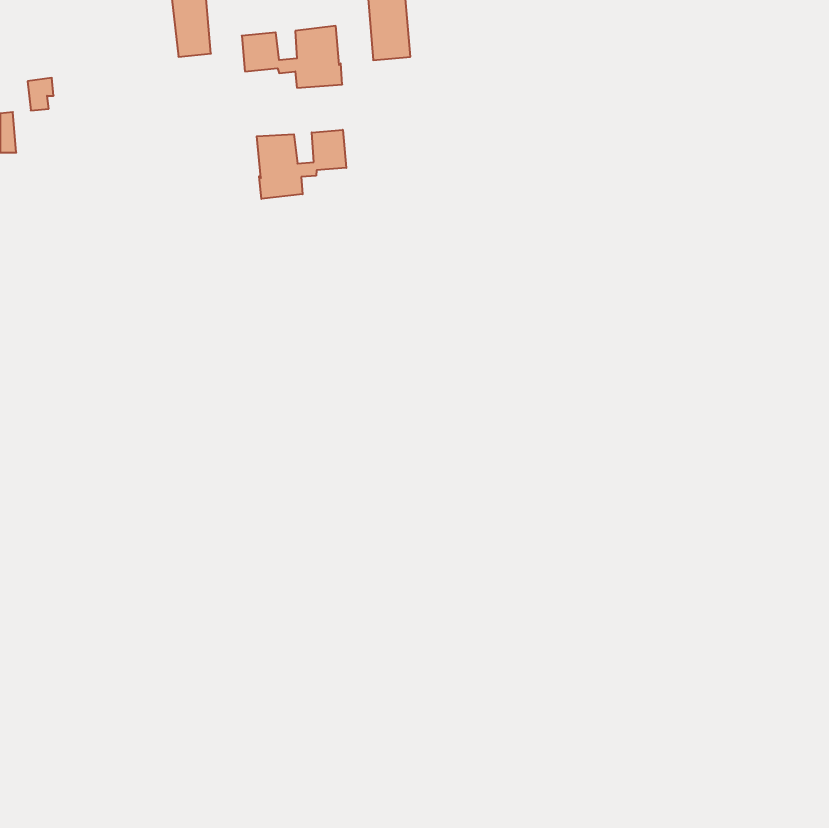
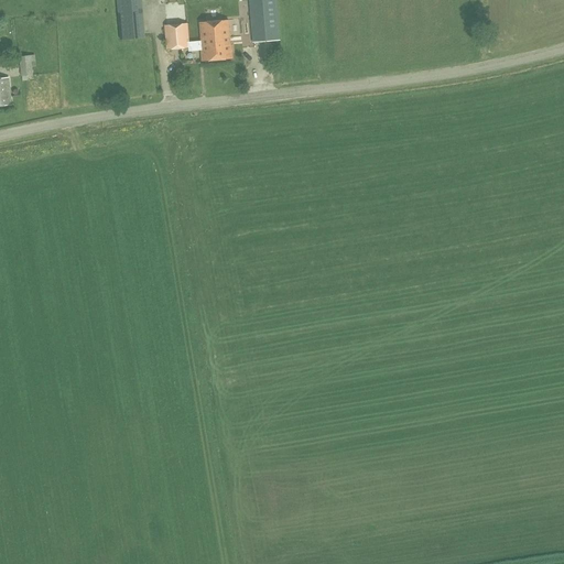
building: [257,130,346,199] -> none

